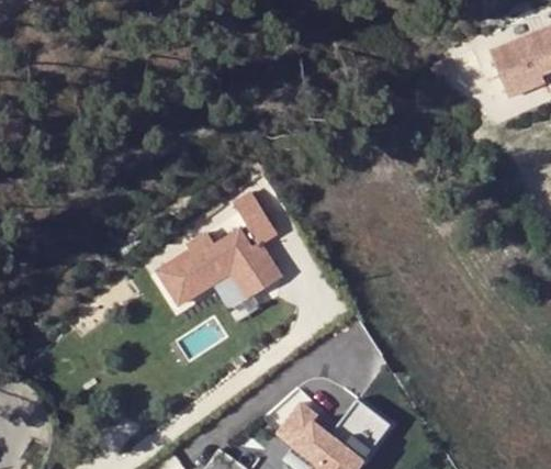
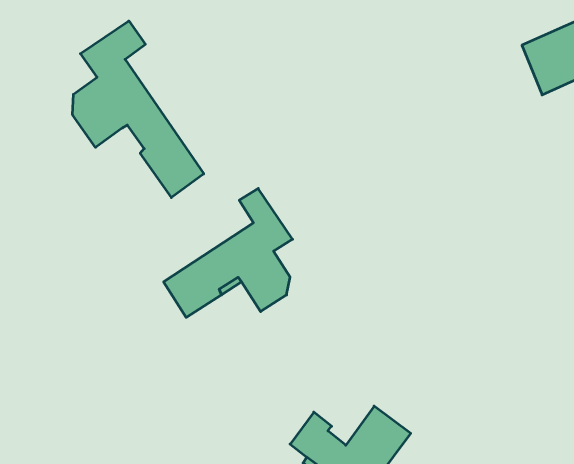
building: none -> [73,21,204,198]

